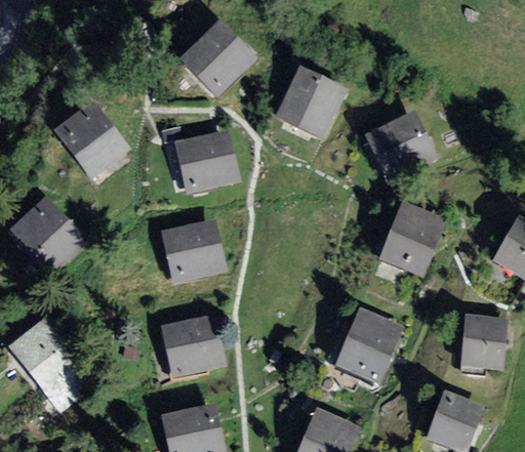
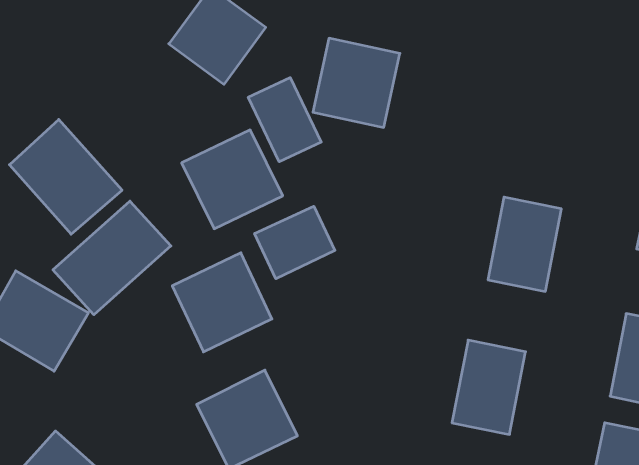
building: none -> [248,78,321,162]
building: [367,112,436,178] -> none
building: none -> [53,201,171,315]
building: none -> [255,206,335,279]

